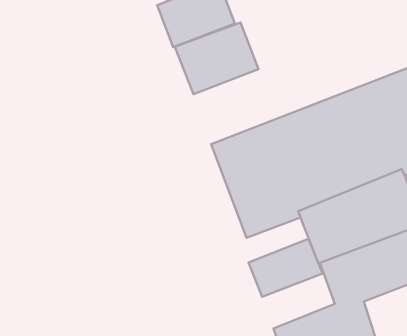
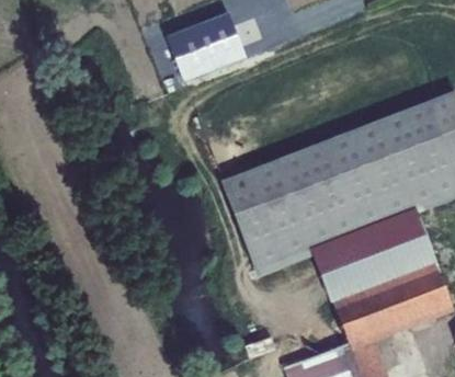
building: [175,23,259,94] -> none
building: [249,239,323,297] -> none

